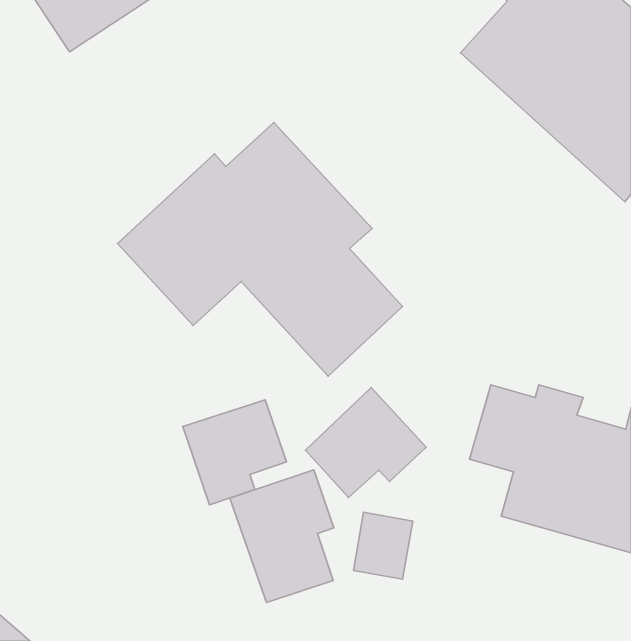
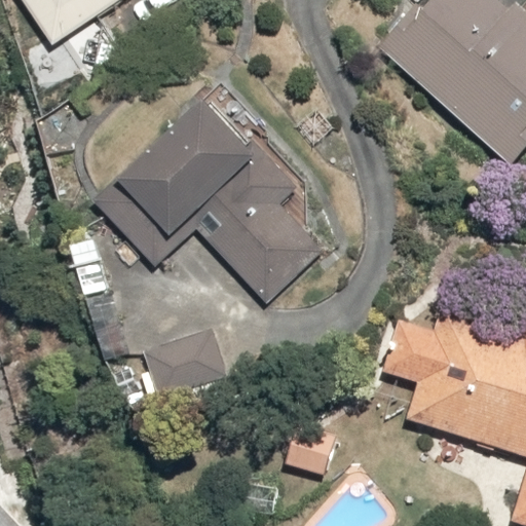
building: [305,388,426,498] -> none
building: [230,470,334,602] -> none

